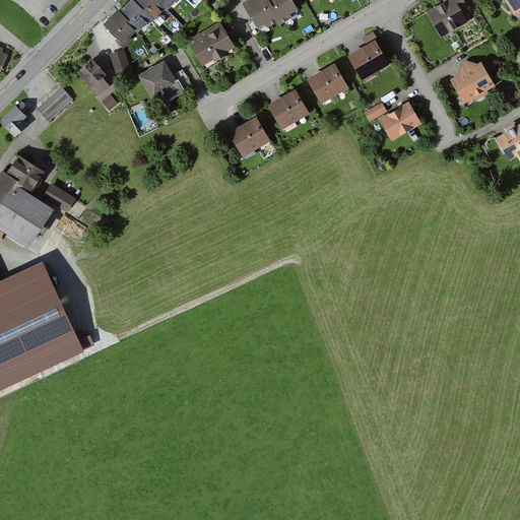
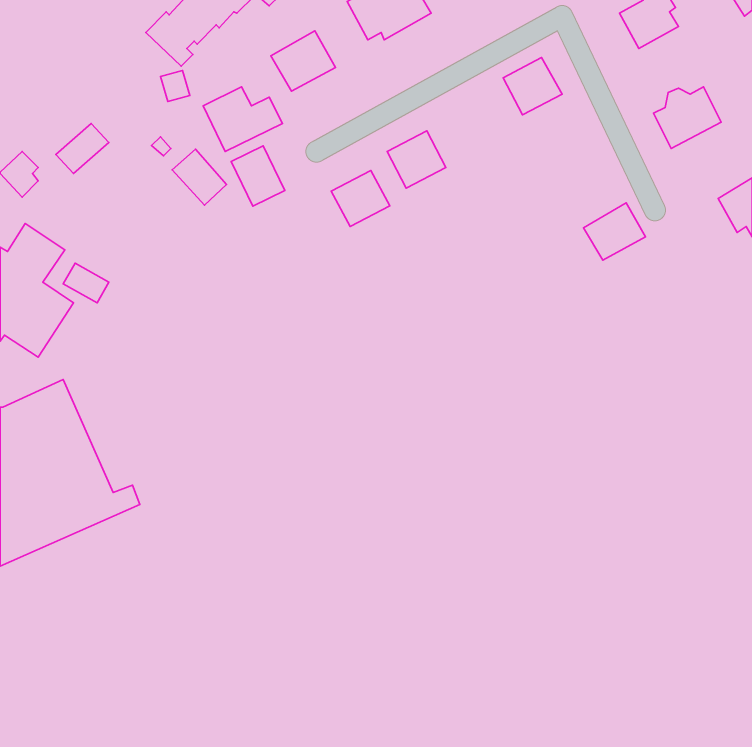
building: [74,57,112,95] -> [172,149,227,205]
building: [306,64,346,103] -> none
building: [380,101,422,140] -> [584,203,645,260]
building: none -> [231,146,285,206]

